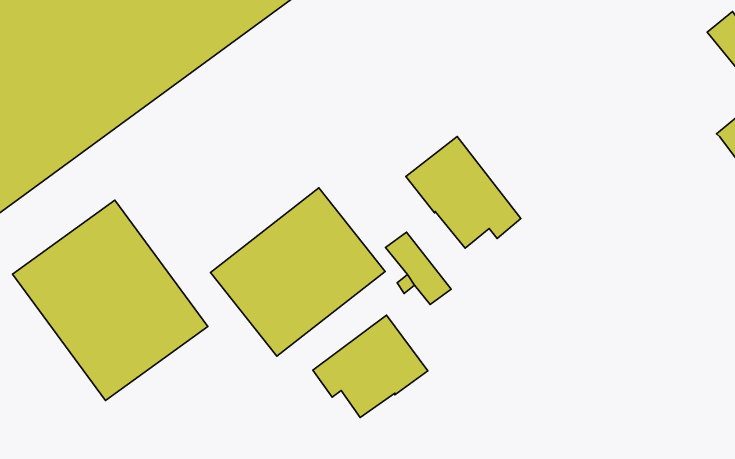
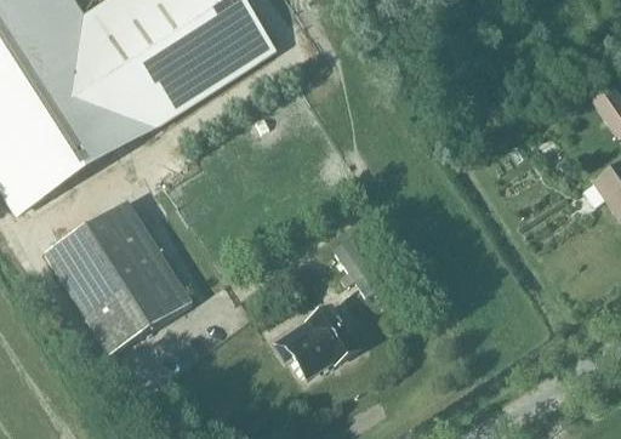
building: [406,137,521,248] -> none
building: [210,188,385,356] -> none

